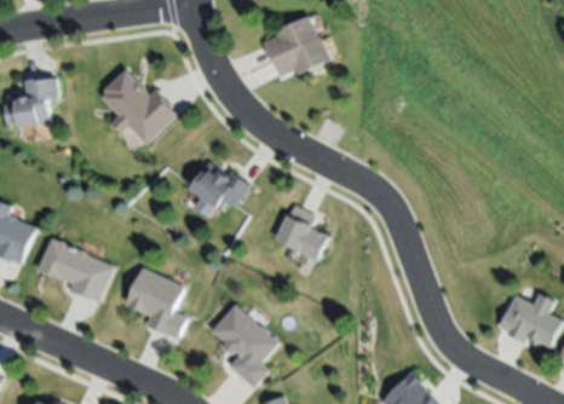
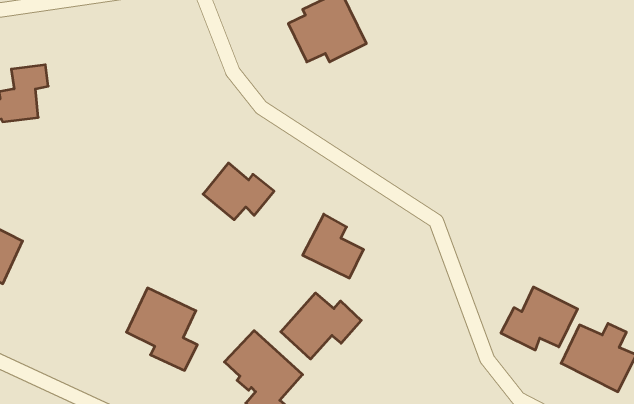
building: [104,69,182,144] -> none
building: [41,238,115,302] -> none
building: none -> [501,287,578,350]
building: none -> [281,293,361,359]

